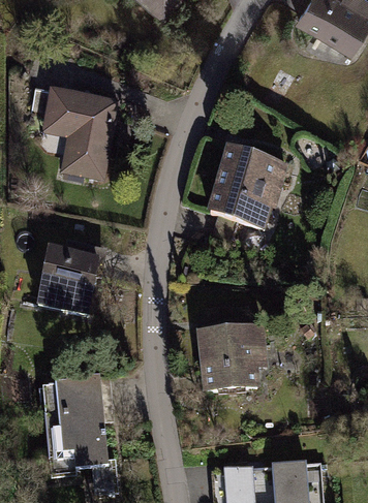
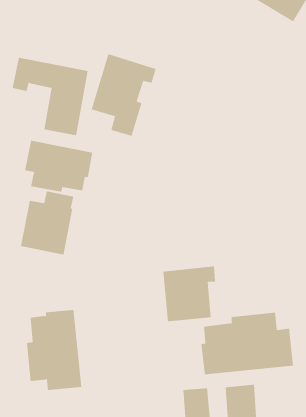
building: [210,147,285,242] -> [91,53,157,136]
building: none -> [25,140,93,193]
building: none -> [201,312,294,375]

